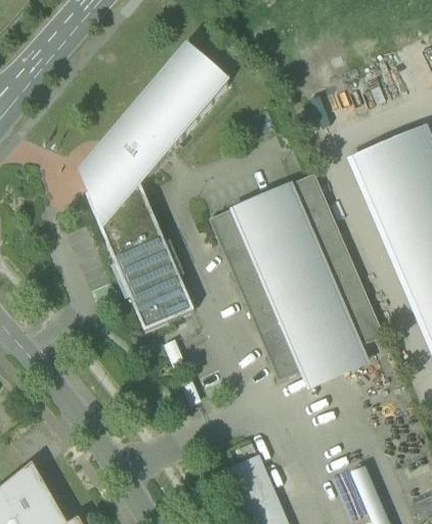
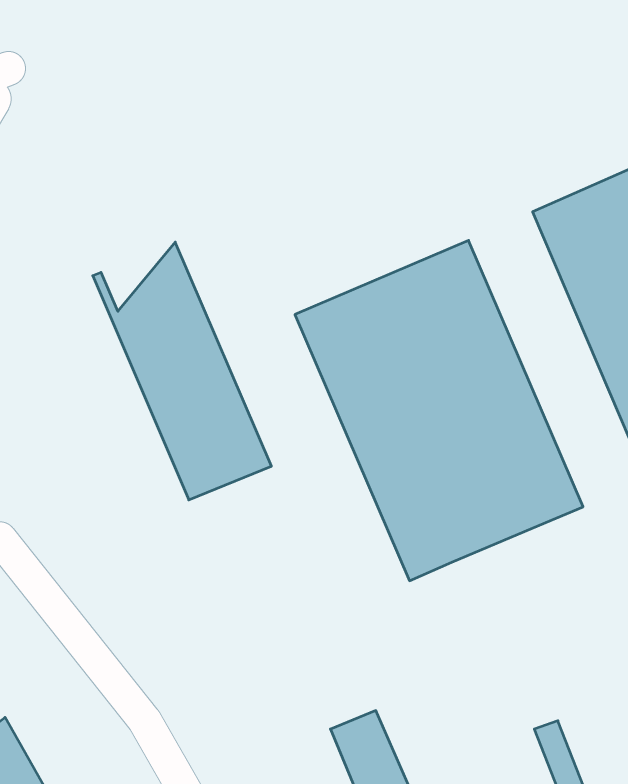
building: [84,45,228,214] -> none
building: [304,344,363,383] -> none

